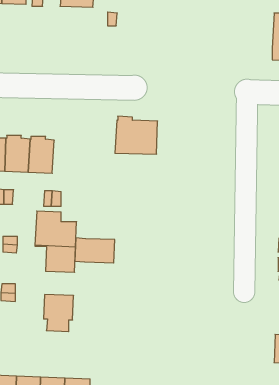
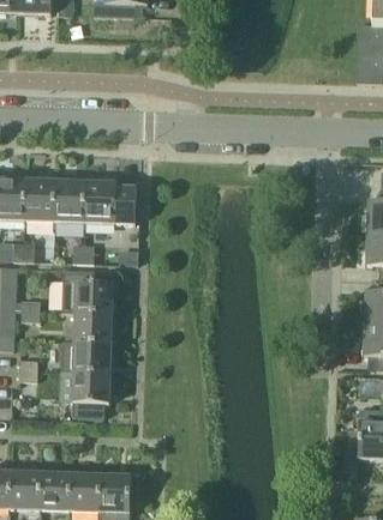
building: [115,116,158,154] -> [83,176,136,223]
building: [75,238,115,263] -> [61,341,110,373]

